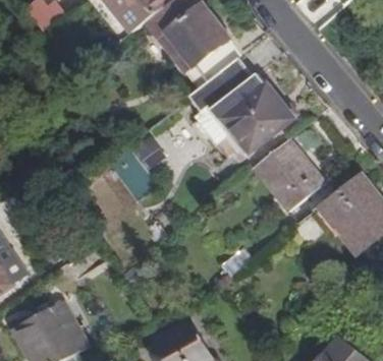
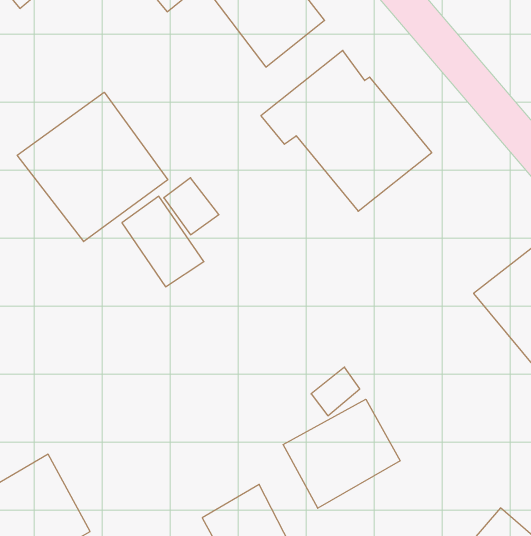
building: none -> [17,92,168,242]
building: [252,138,323,210] -> none
building: none -> [283,399,400,508]

